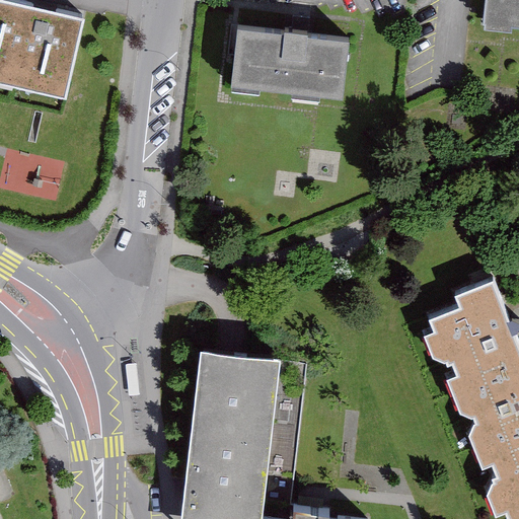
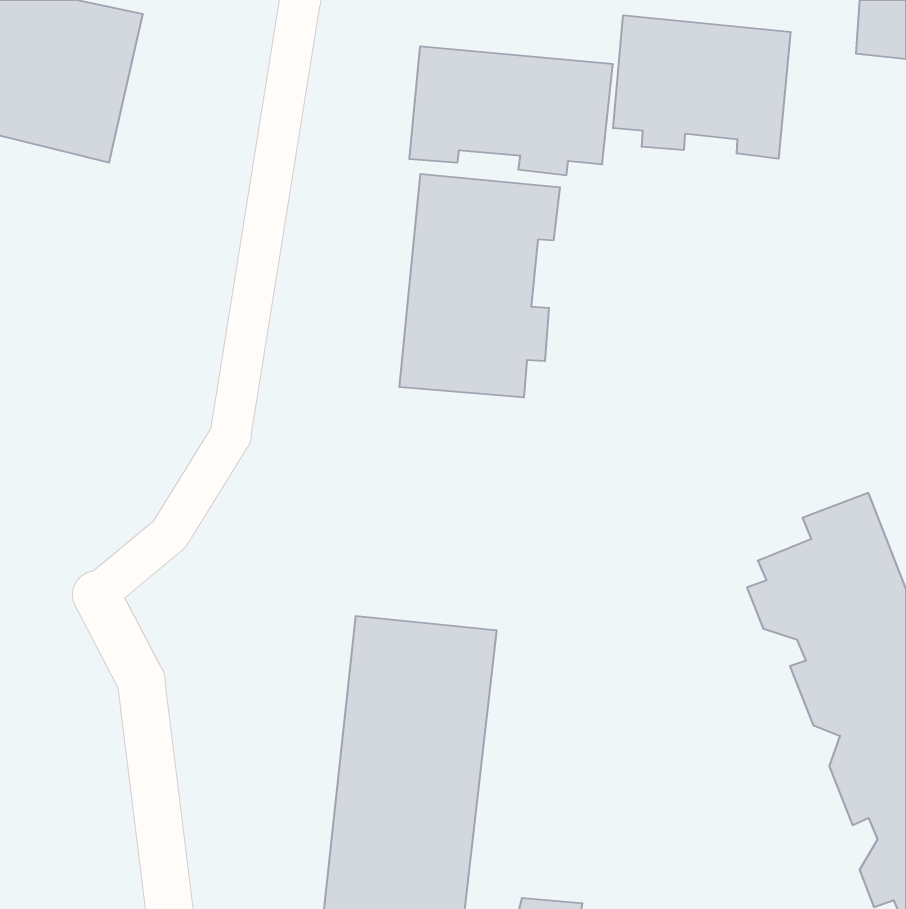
building: none -> [613,15,791,159]
building: none -> [399,174,560,398]

